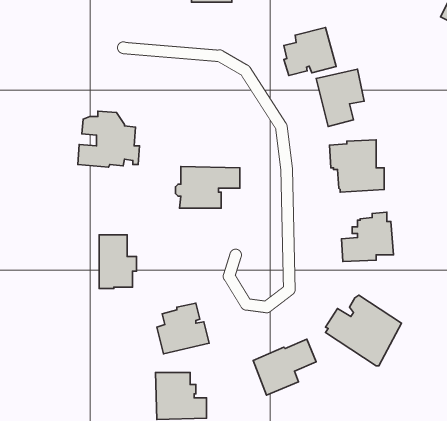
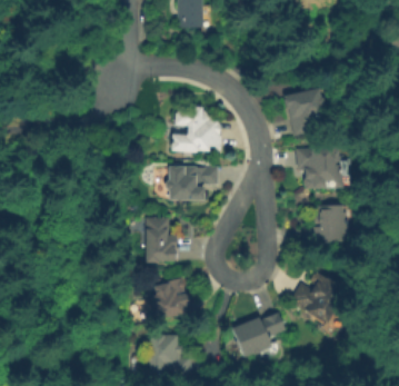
building: [284,27,336,76] -> none
building: [78,111,139,167] -> [170,103,221,150]
building: [99,235,136,288] -> [147,219,178,264]

